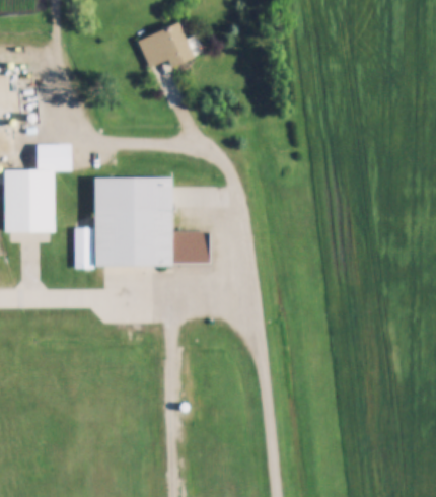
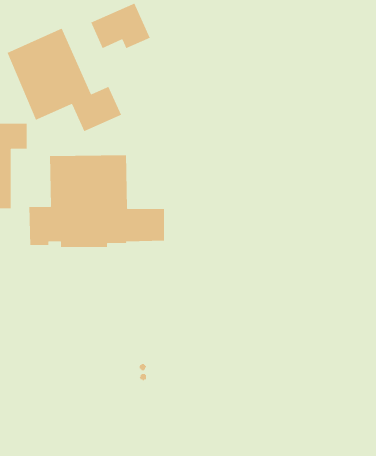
building: none -> [6,28,122,132]

